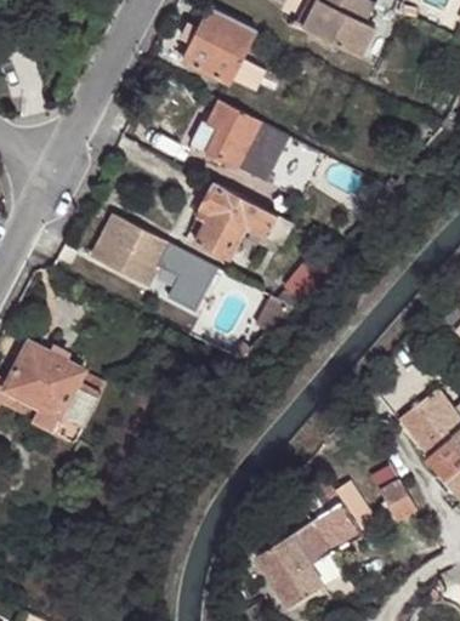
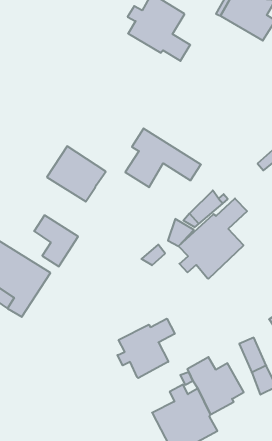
building: [191,99,289,183] -> none
building: [157,244,215,309] -> [34,215,78,266]
building: none -> [179,198,247,279]
building: none -> [117,319,175,378]

